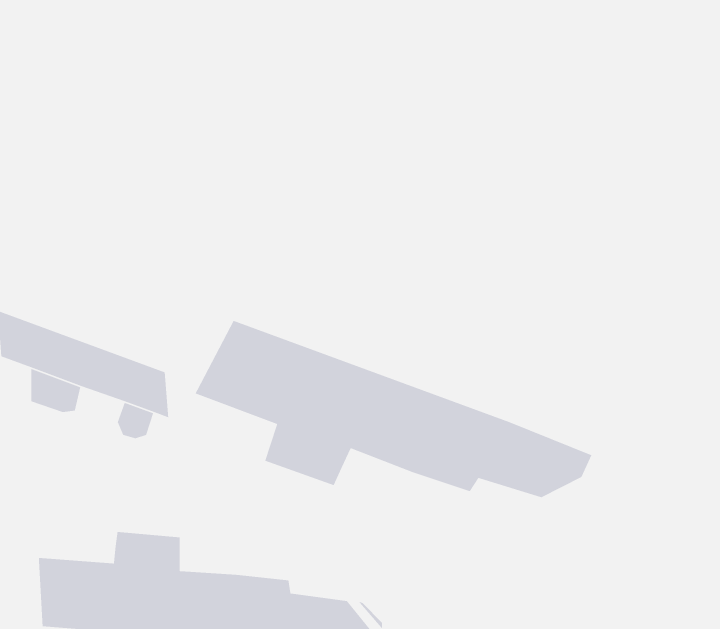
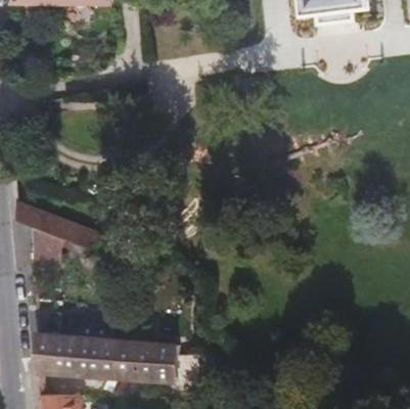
building: [195,320,593,498] -> none

